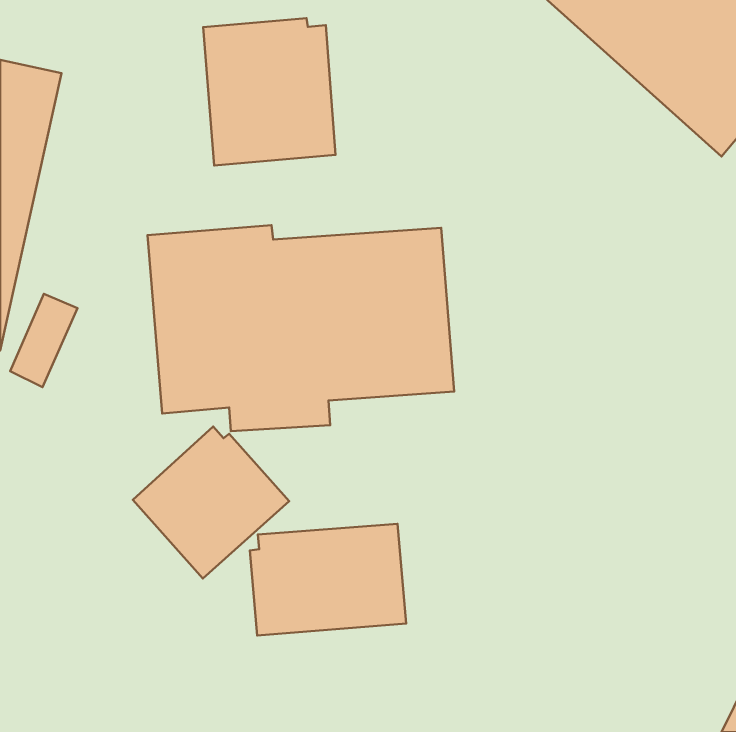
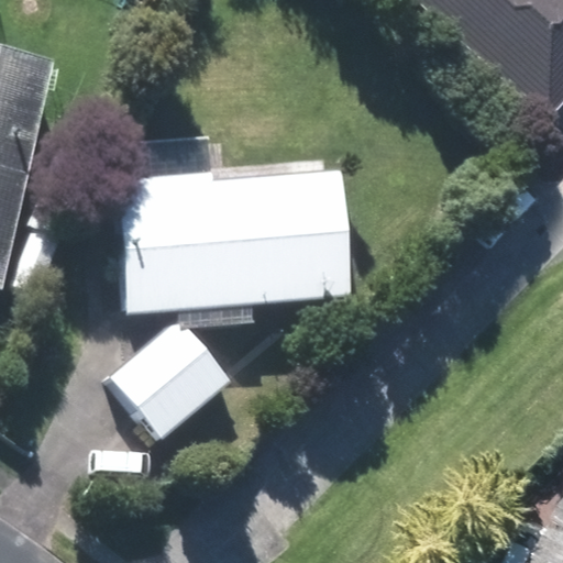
building: [203,18,335,165] -> none
building: [250,524,406,636] -> none

